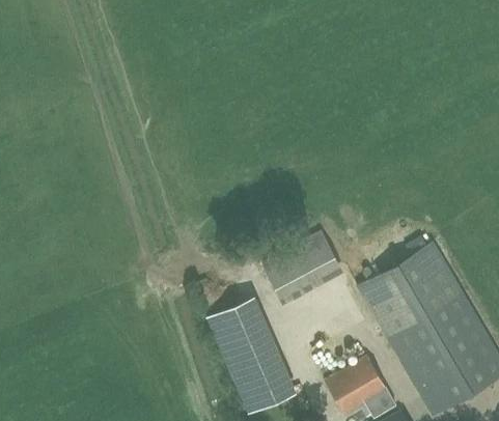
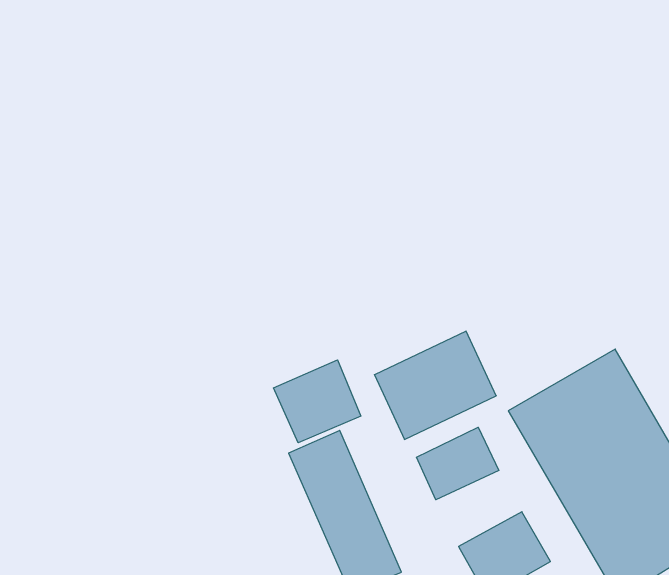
building: none -> [274,360,361,443]
building: none -> [416,427,499,500]

